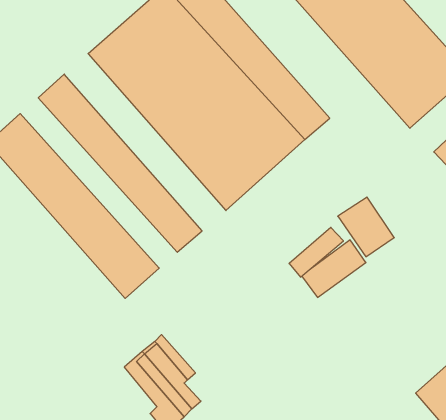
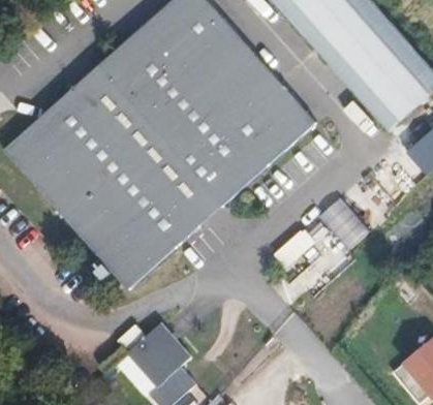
building: none -> [72,64,220,226]
building: none -> [32,104,176,260]

